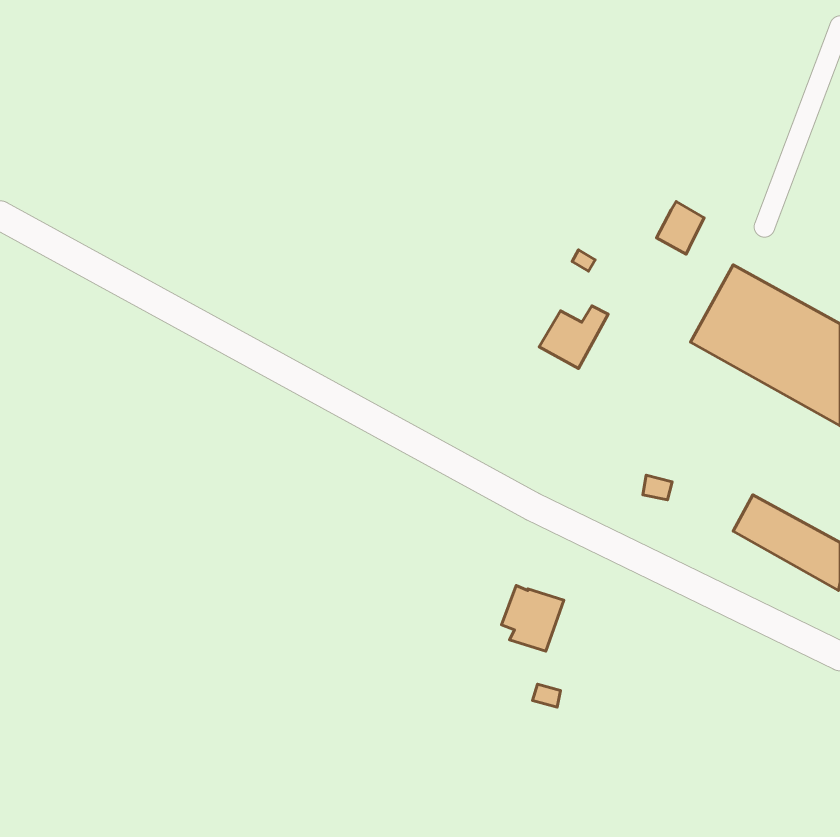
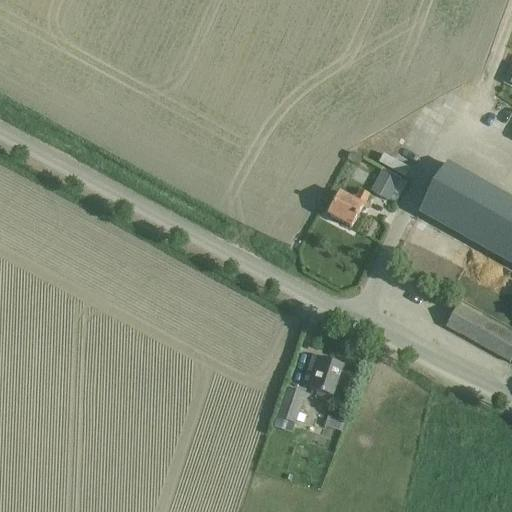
building: [656,202,704,254] -> [372,166,401,198]
building: none -> [277,387,305,423]

